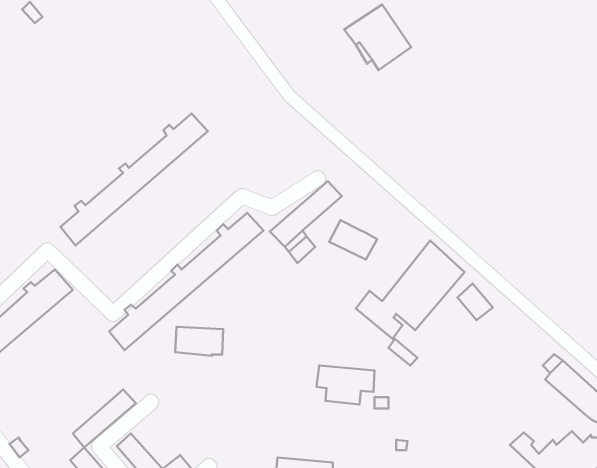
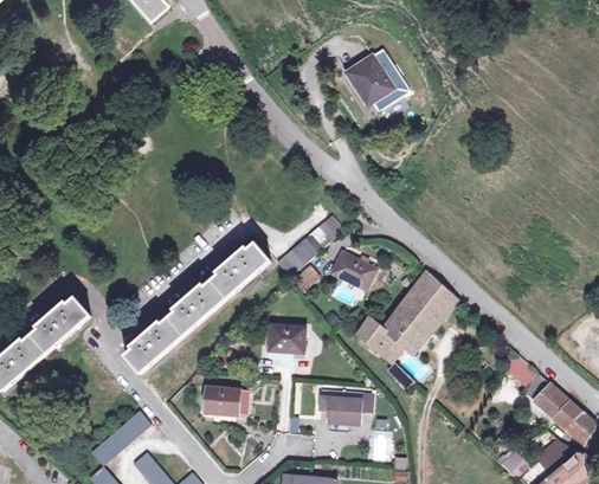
building: [60,114,208,245] -> none
building: [457,283,493,320] -> [503,351,536,386]
building: none -> [270,323,305,351]
building: [175,327,223,356] -> [204,387,249,414]

